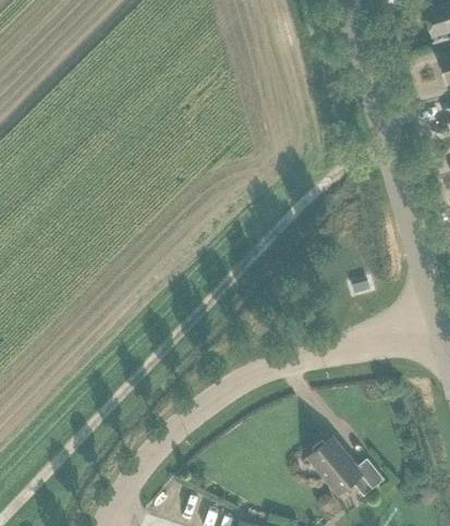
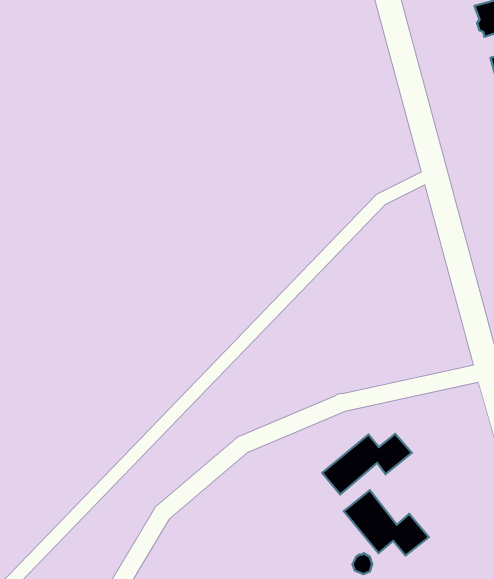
building: none -> [322,434,412,494]

